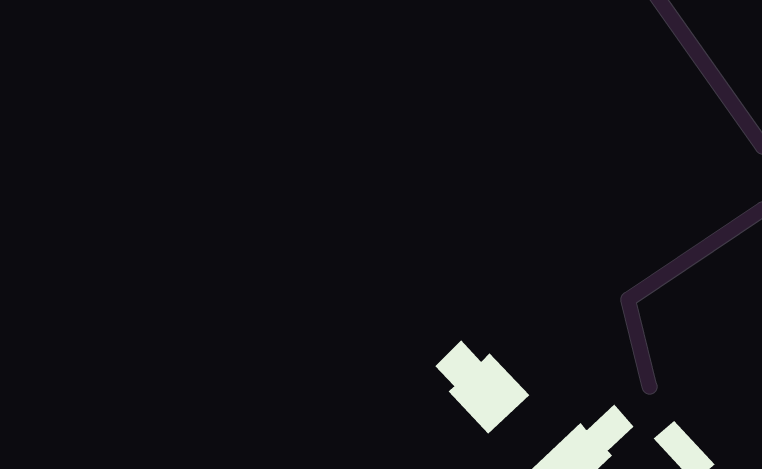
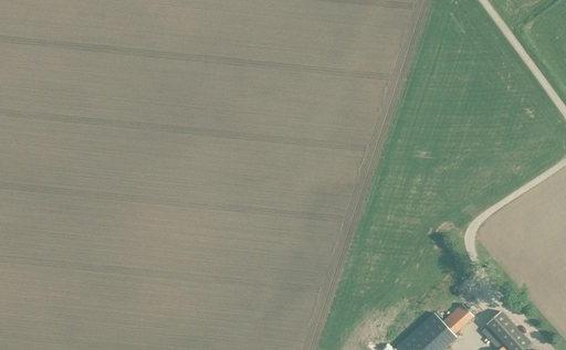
building: [435,340,530,434] -> none

